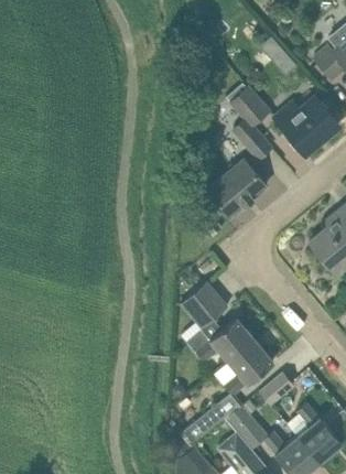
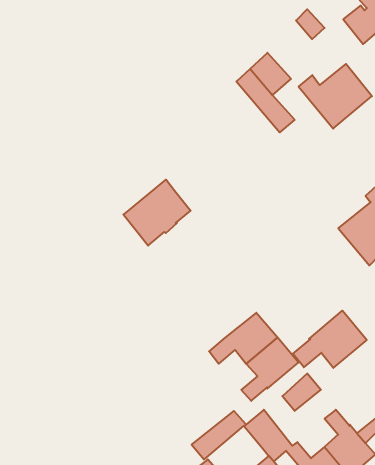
building: [206,159,266,217] -> [123,180,191,246]
building: [181,281,227,328] -> none
building: none -> [293,311,367,368]

